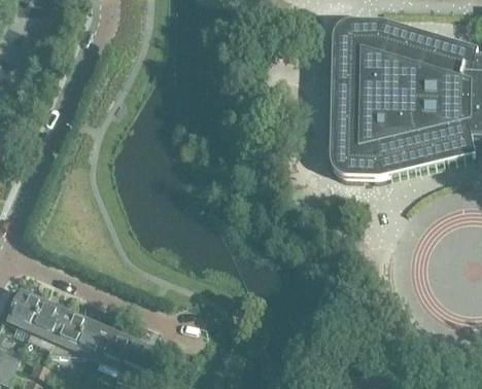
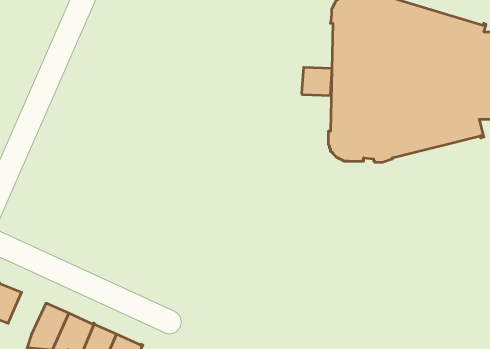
building: none -> [302,67,332,96]
building: [31,298,66,338] -> none

